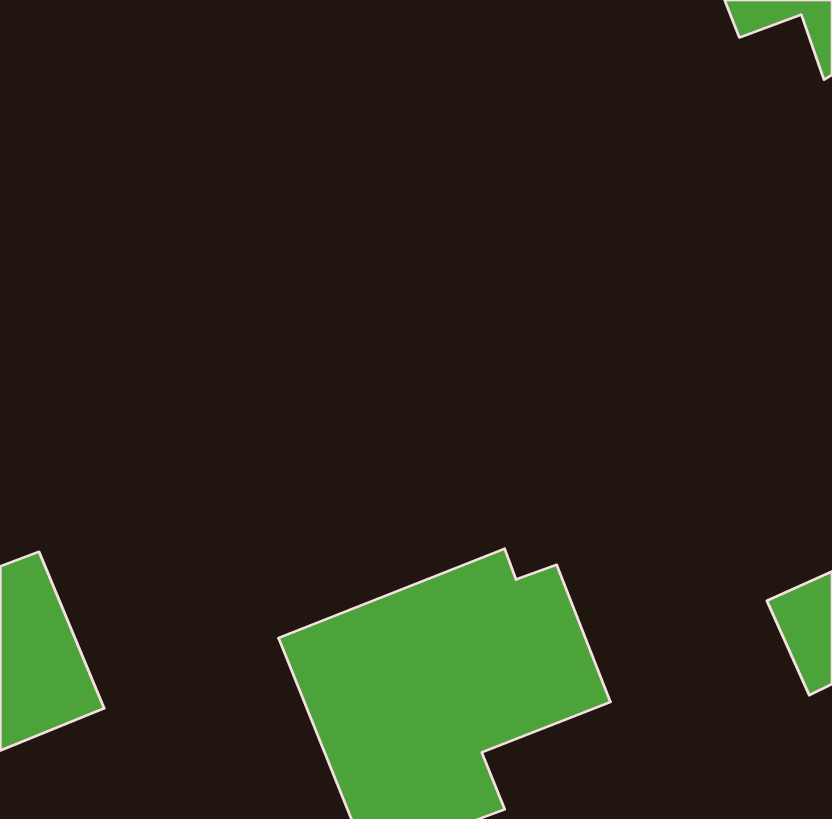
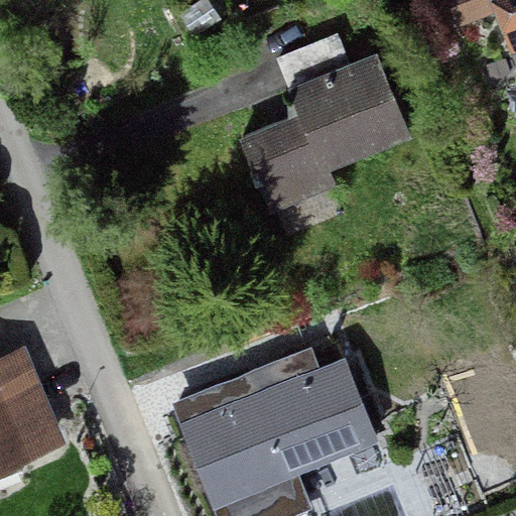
building: none -> [238,37,411,216]

